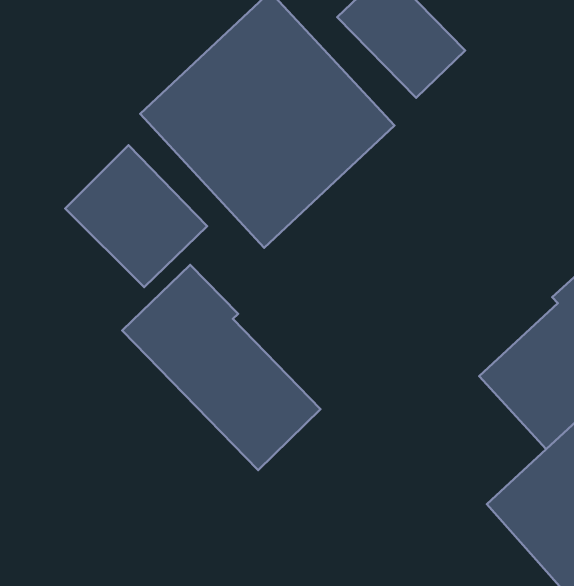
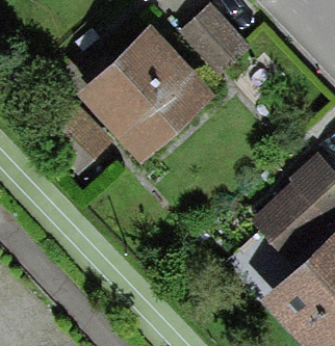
building: [122,265,320,470] -> none

